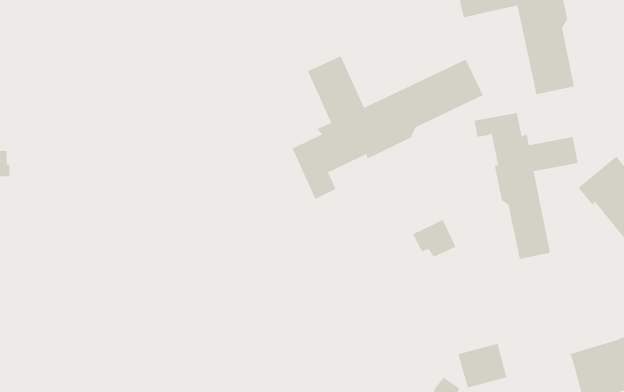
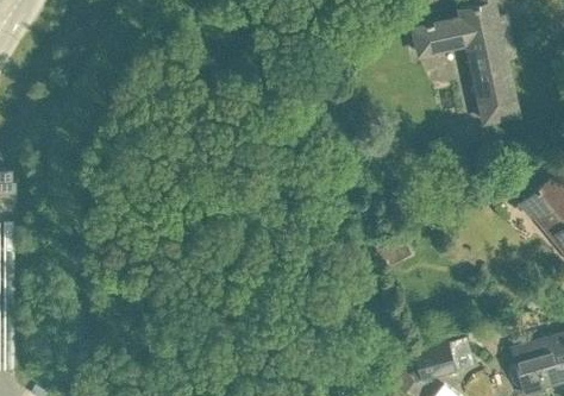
building: [291,55,484,200] -> none
building: [473,112,579,260] -> none

